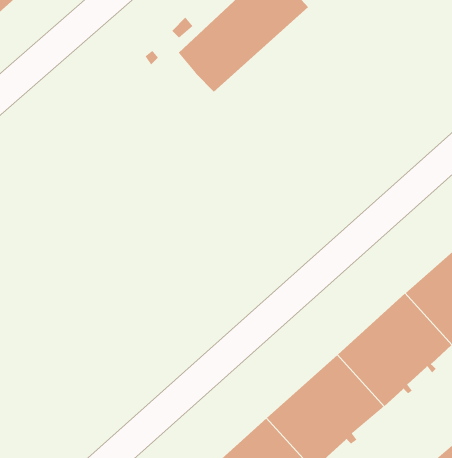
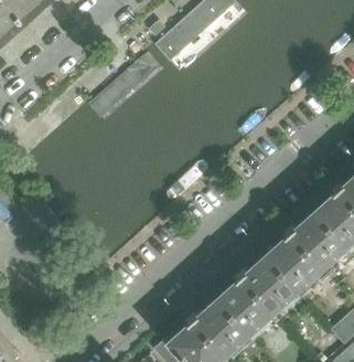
building: none -> [90,54,159,119]

